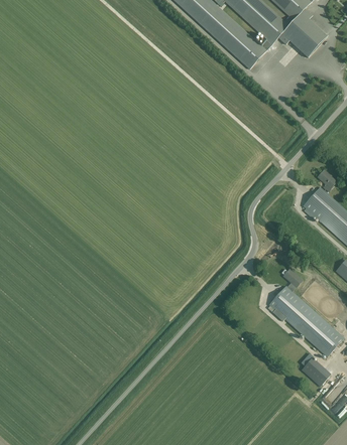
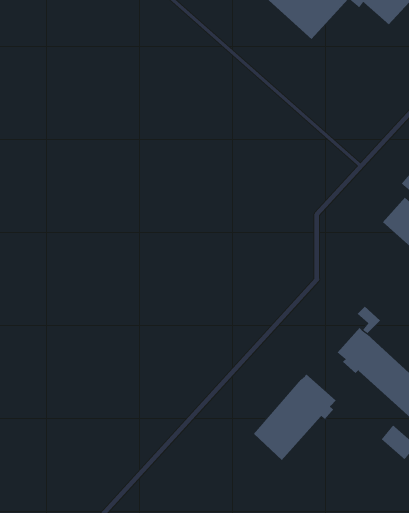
building: none -> [253,373,336,461]

